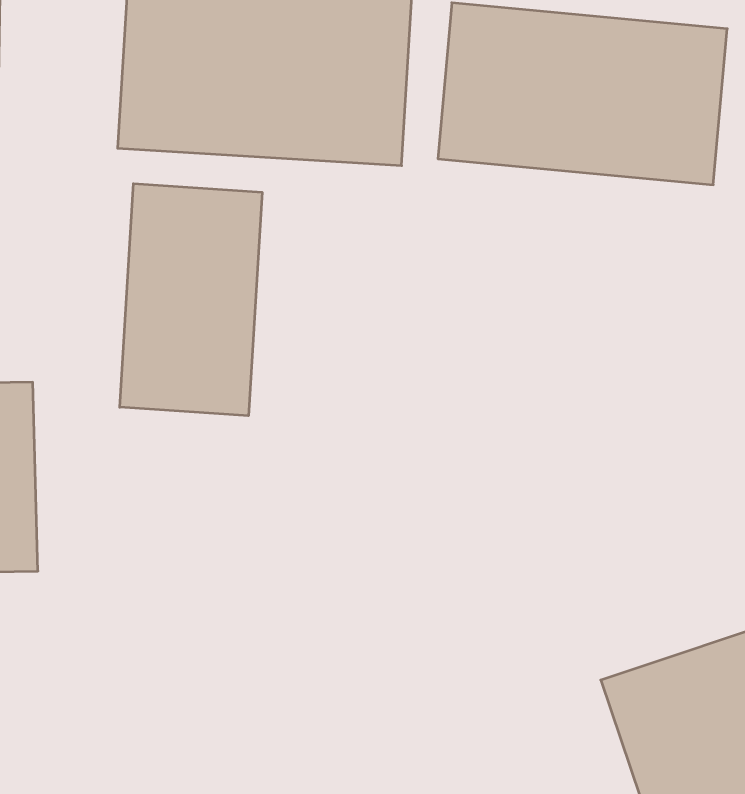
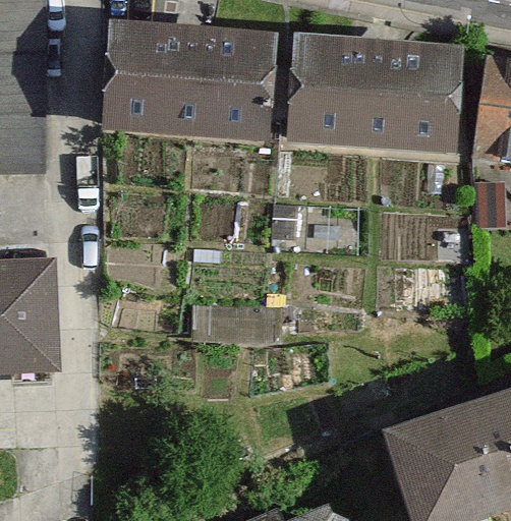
building: [120,184,262,416] -> none

